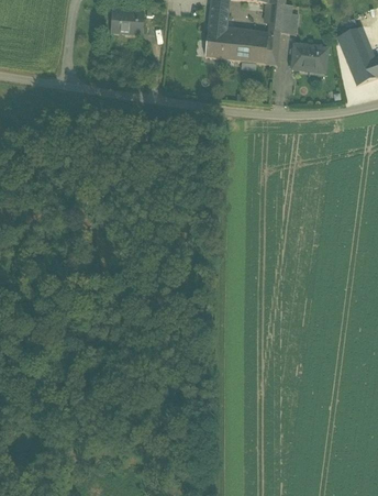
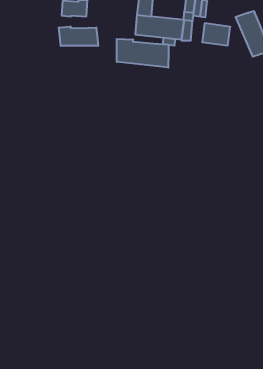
building: none -> [59,26,98,46]
building: none -> [117,39,169,68]

